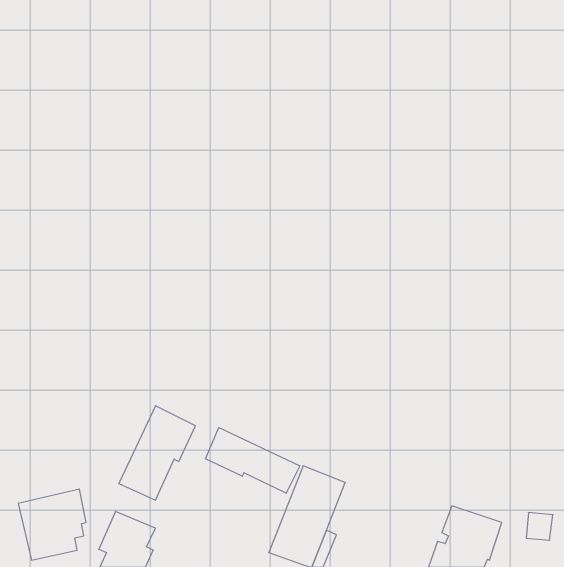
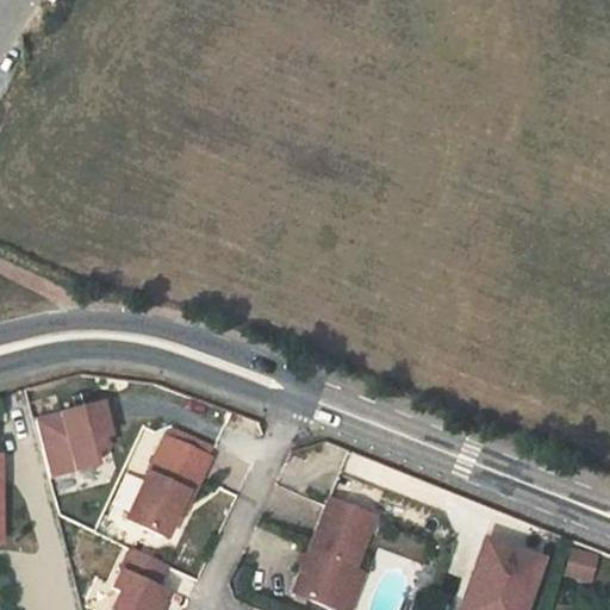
building: [205,428,300,493] -> none
building: [18,489,86,560] -> [38,403,111,479]

